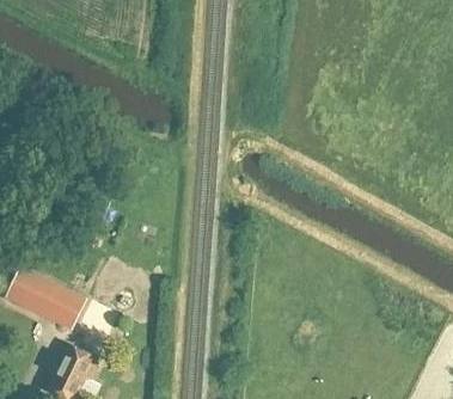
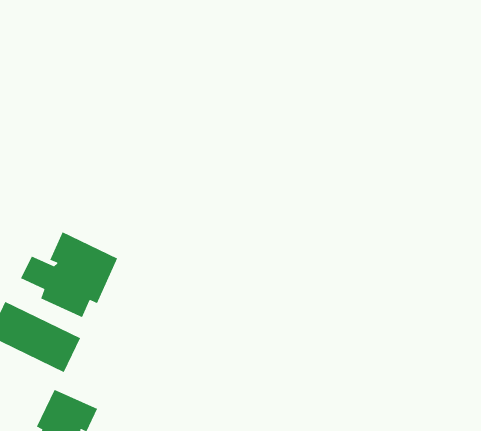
building: none -> [20,231,118,318]

